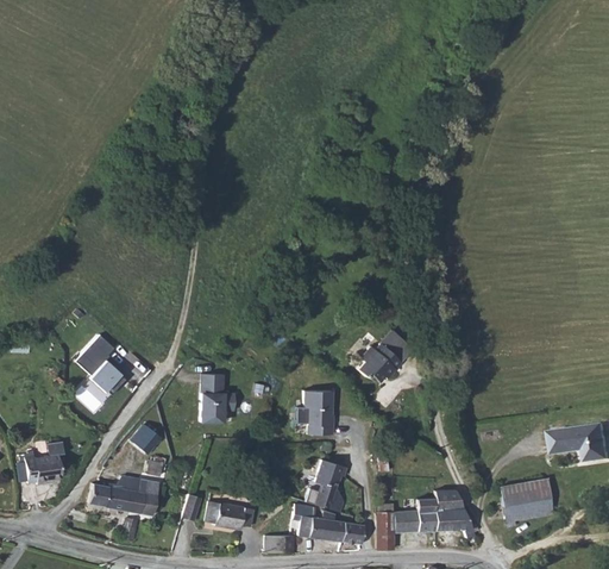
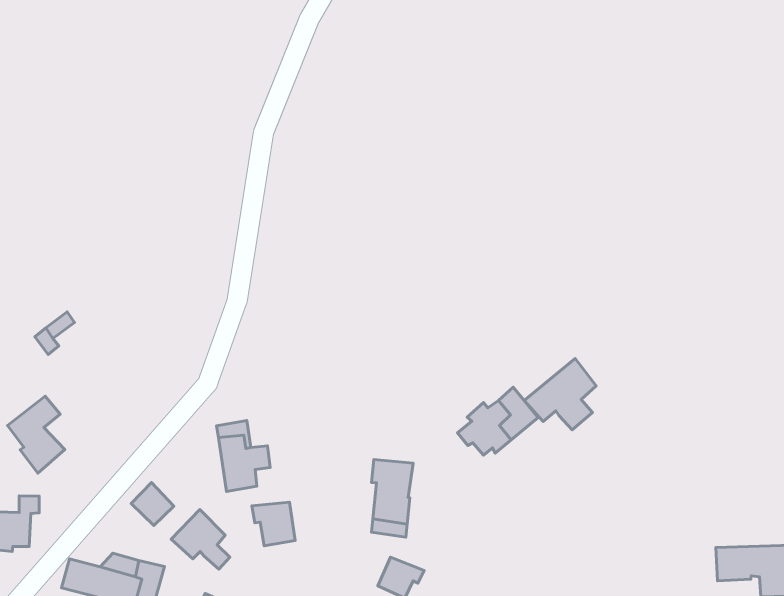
building: none -> [524,359,596,430]
building: [76,336,119,392] -> [8,396,65,473]
building: none -> [252,502,295,546]
building: none -> [171,510,230,569]

